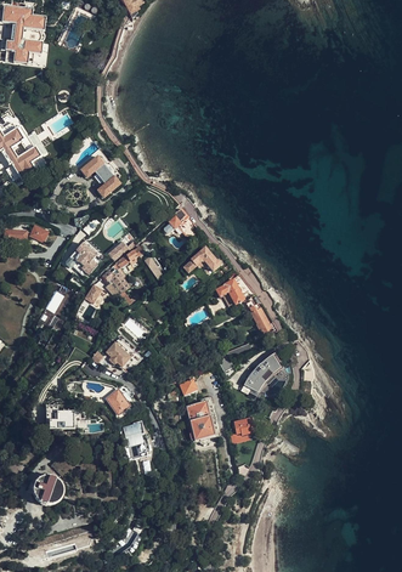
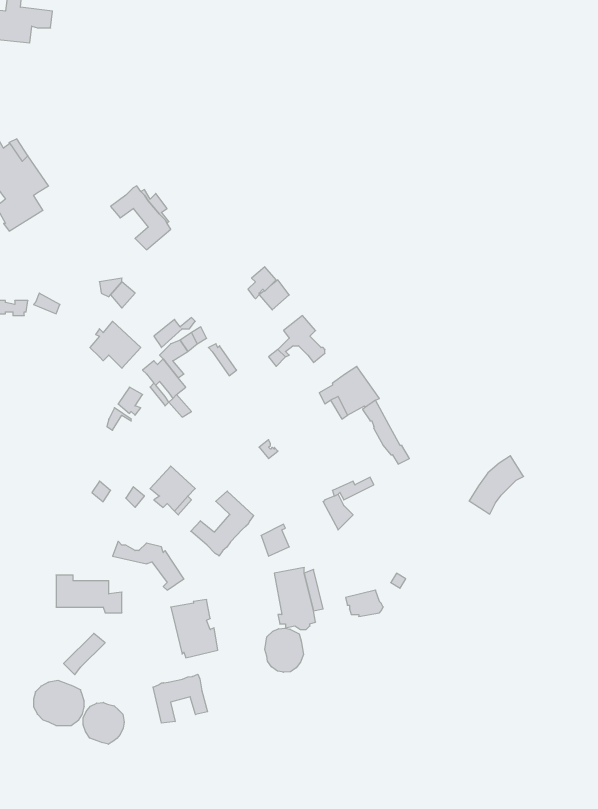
building: none -> [191,491,254,556]
building: [244,355,279,392] -> [469,456,524,514]
building: none -> [265,628,304,672]
building: none -> [153,674,208,723]
building: none -> [83,702,124,744]

